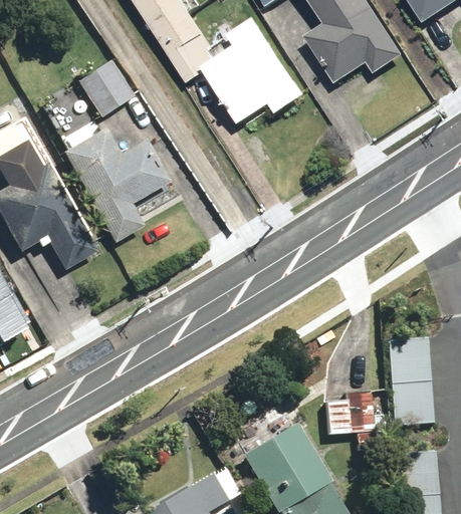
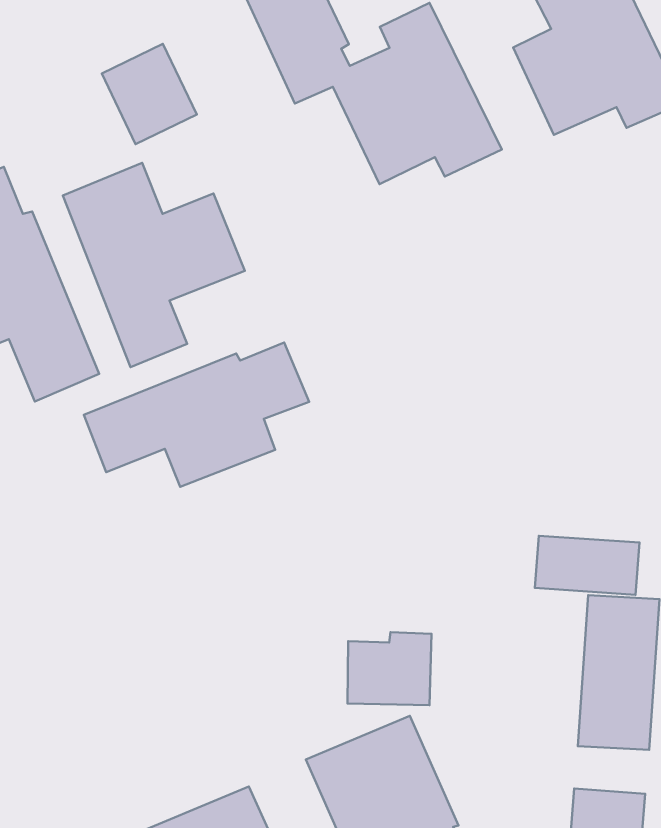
building: none -> [84,343,309,487]
building: none -> [535,536,639,595]
building: [323,390,374,435] -> [347,632,431,705]

